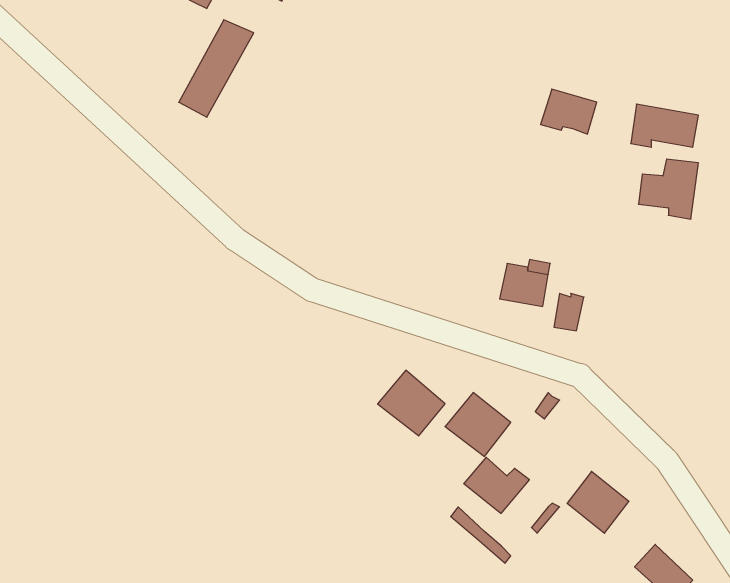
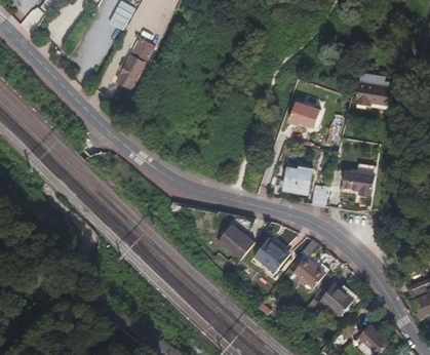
building: [541,89,597,134] -> [288,100,319,124]
building: [638,159,698,219] -> [344,163,377,196]
building: [464,457,529,513] -> [292,258,328,288]

